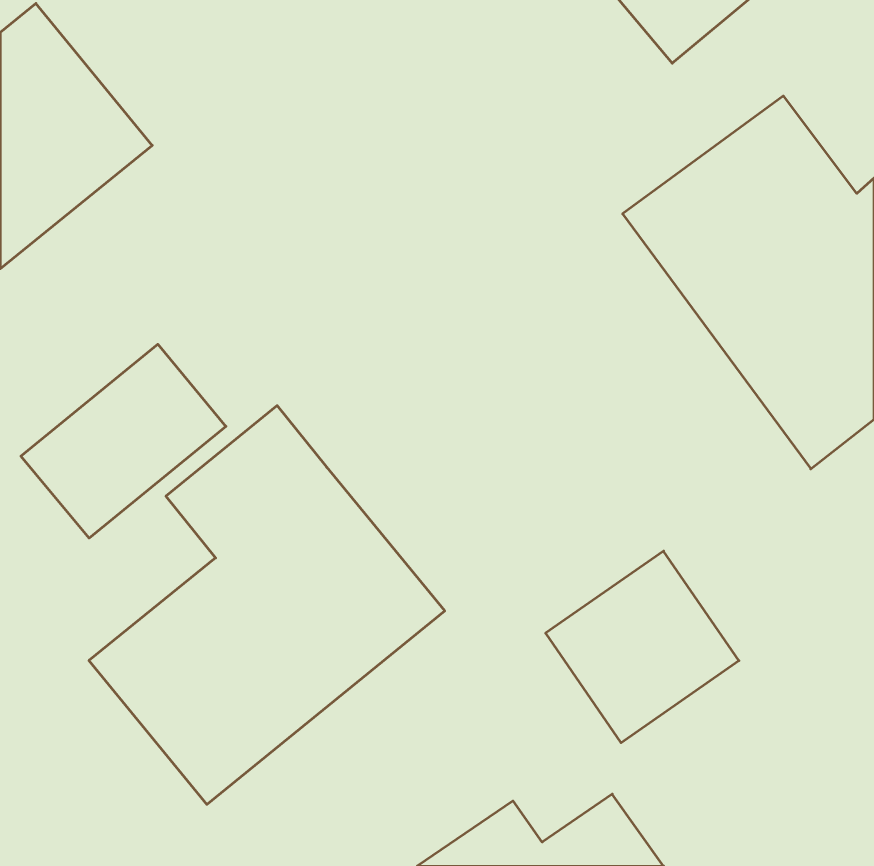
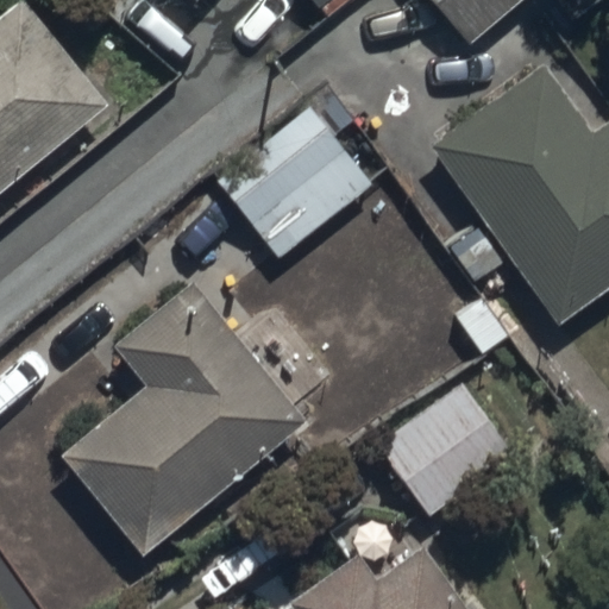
building: none -> [218,106,375,259]
building: [21,344,226,538] -> none

